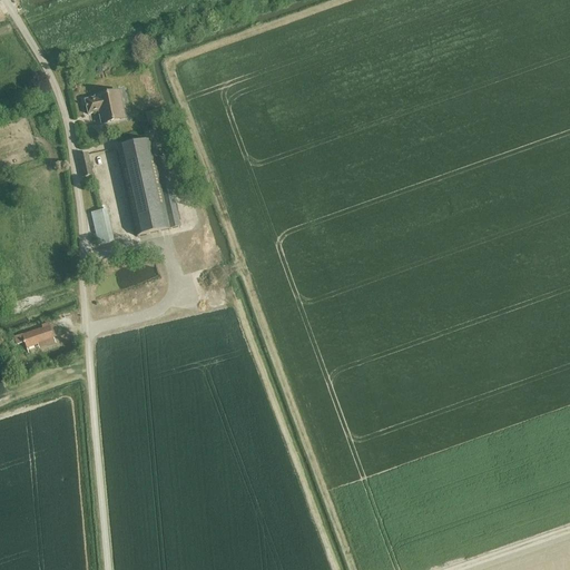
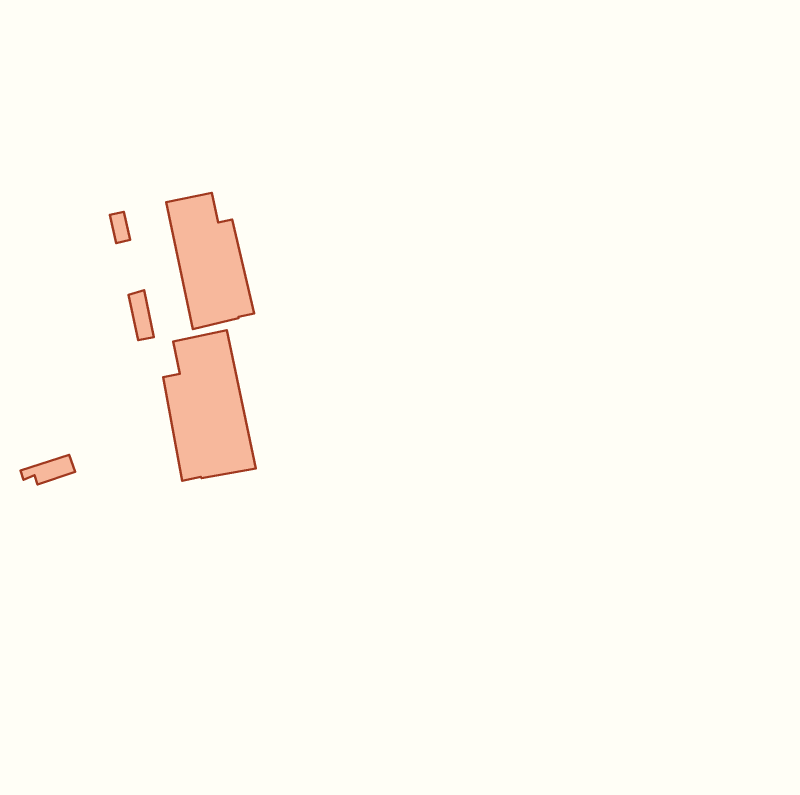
building: [86,89,126,119] -> none
building: none -> [163,330,256,481]

